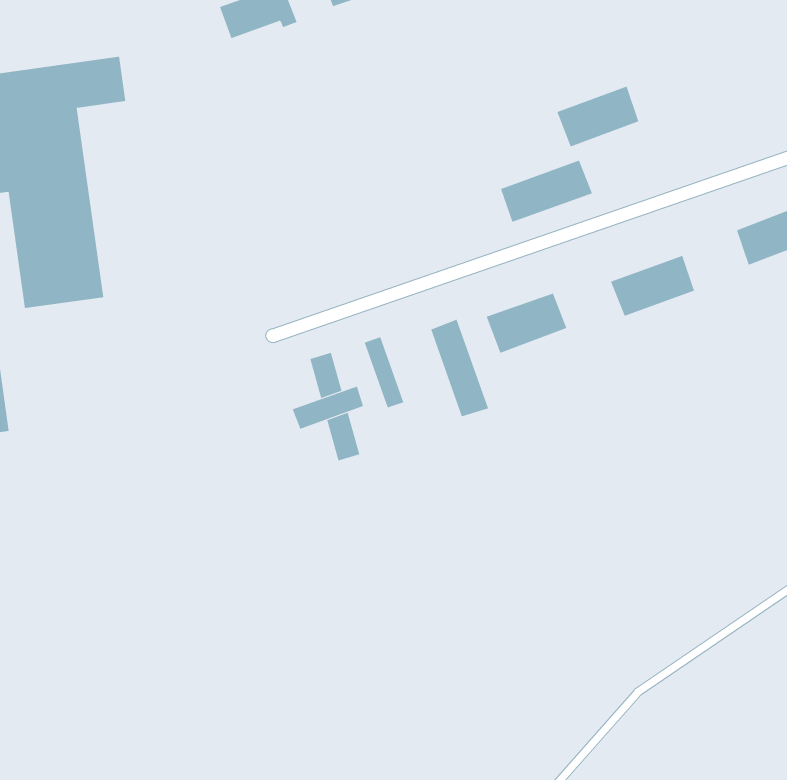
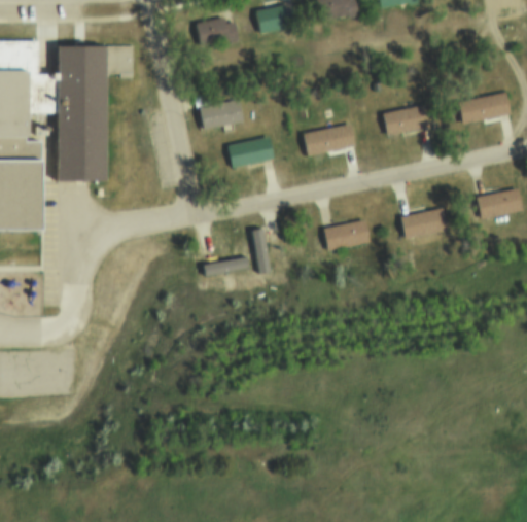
building: none -> [457,93,511,124]
building: none -> [198,99,244,129]
building: [500,160,593,222] -> [303,123,356,153]
building: none -> [229,135,275,164]
building: [430,319,489,417] -> none

